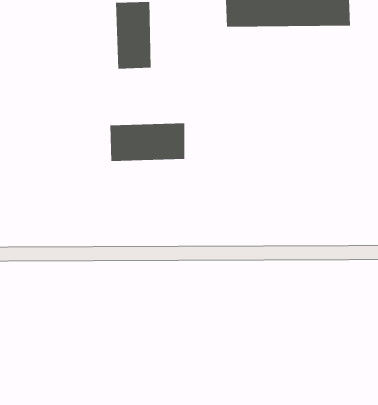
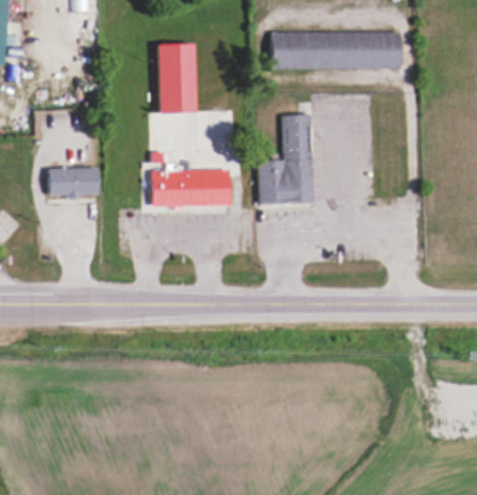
building: none -> [258,115,314,205]
building: none -> [50,168,99,197]

